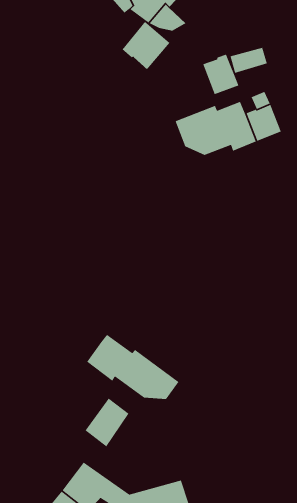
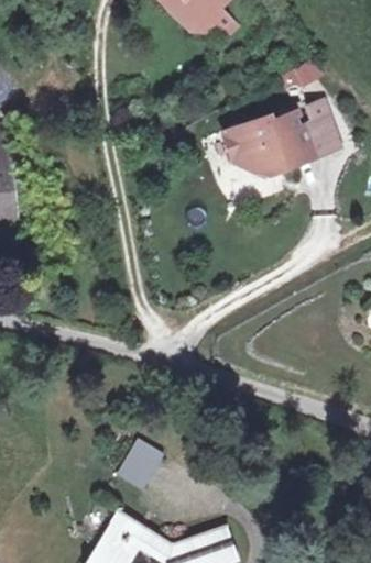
building: [121,21,170,70] -> none
building: [202,53,239,95] -> none
building: [86,334,180,400] -> none

